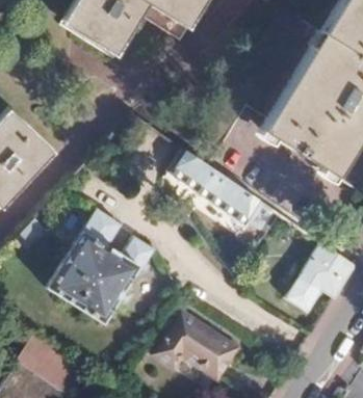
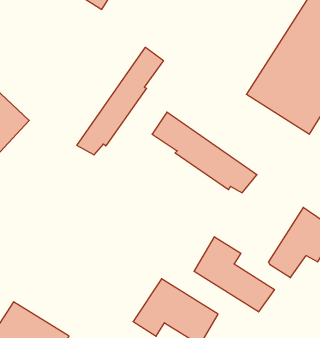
building: none -> [77,47,163,155]
building: [47,208,157,324] -> none
building: none -> [194,237,274,312]

